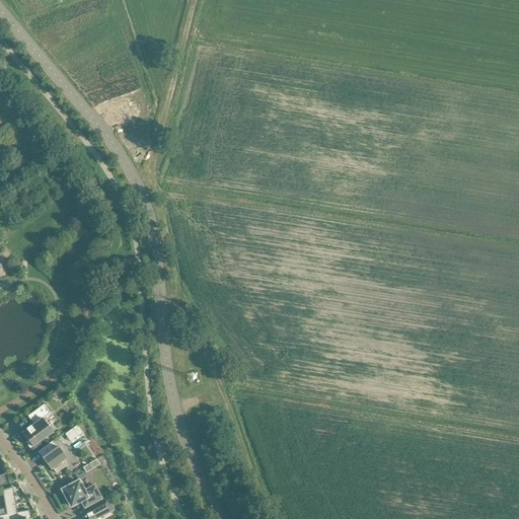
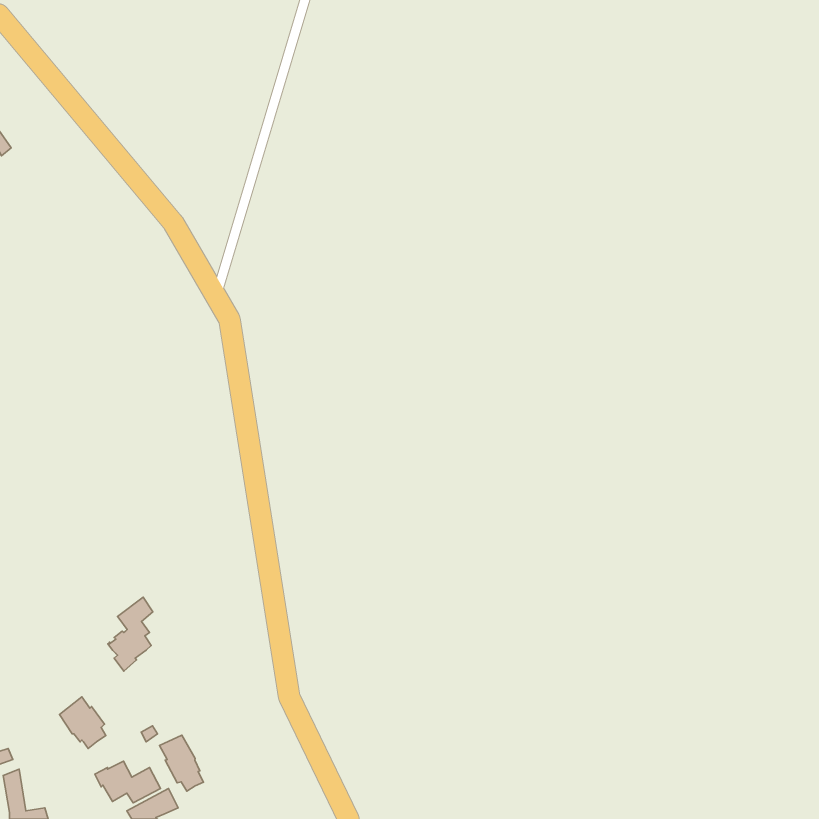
building: [21,403,50,450] -> [108,597,153,671]
building: none -> [160,735,203,791]

